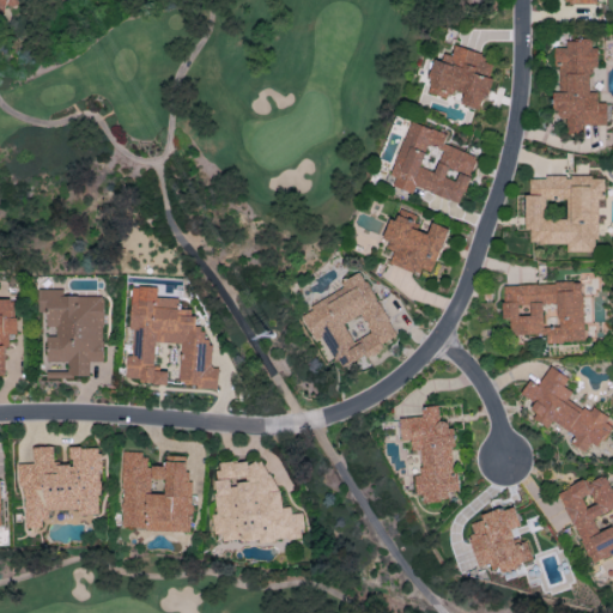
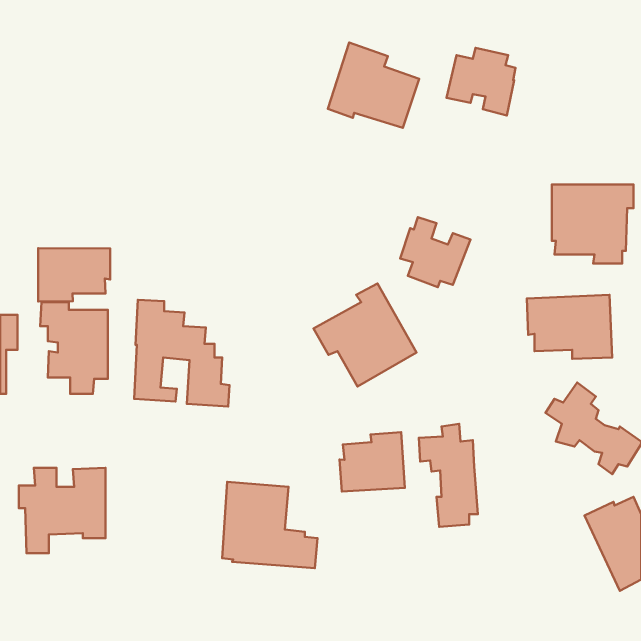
building: [554,40,607,133] -> none
building: [389,121,477,202] -> [328,43,419,128]
building: none -> [38,248,110,301]
building: none -> [339,432,405,492]
building: [121,453,190,530] -> none
building: [469,505,534,572] -> none

